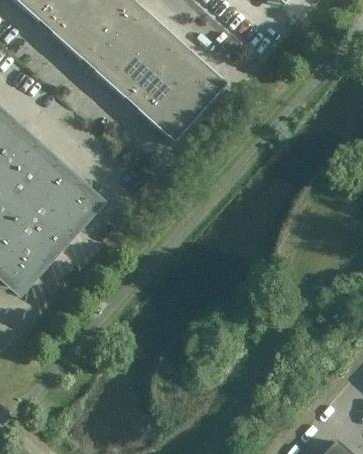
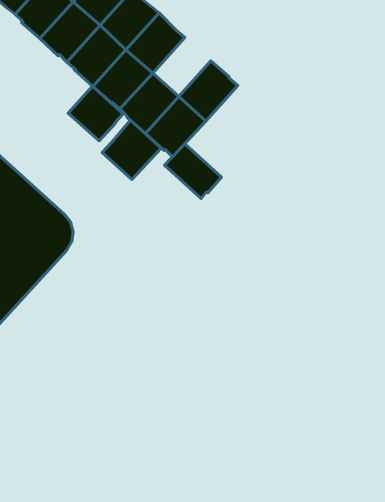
building: [157,45,204,93] -> none
building: none -> [68,86,123,141]
building: none -> [102,120,161,180]
building: none -> [164,144,221,199]

